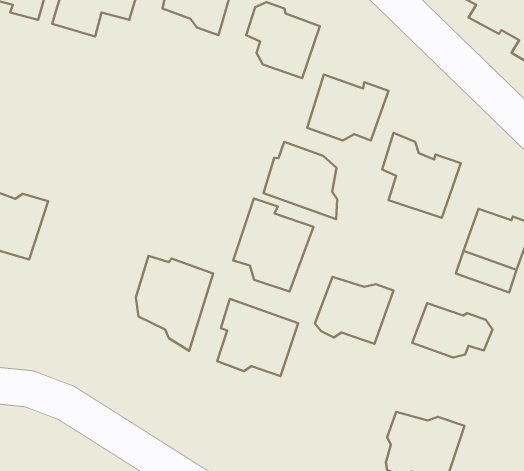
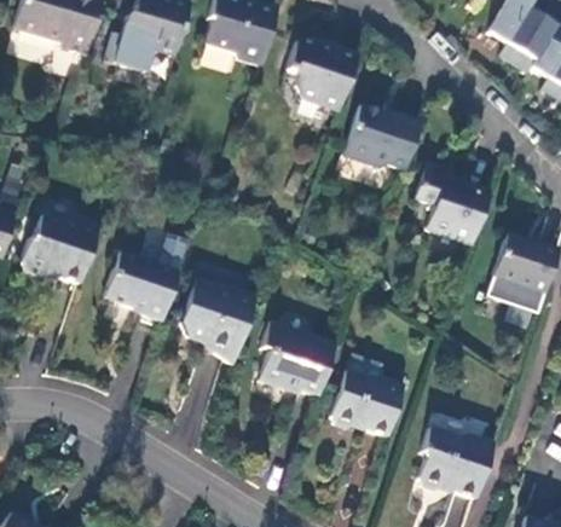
building: [264,142,337,219] -> none
building: [233,199,314,292] -> none
building: none -> [105,253,178,322]
building: [315,277,393,344] -> [331,370,406,434]
building: [412,303,492,357] -> none

